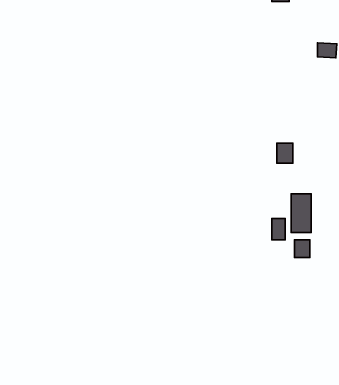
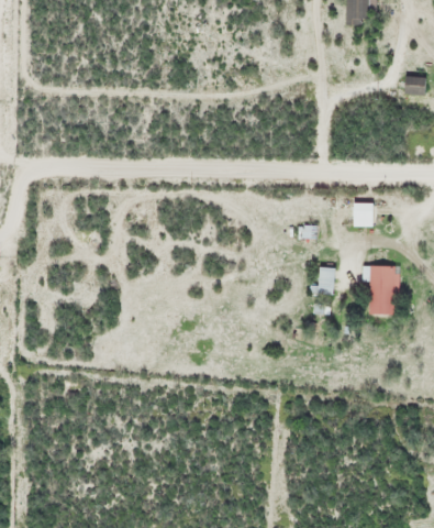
building: [272,219,285,240] -> [318,267,334,294]
building: [294,240,310,258] -> none

